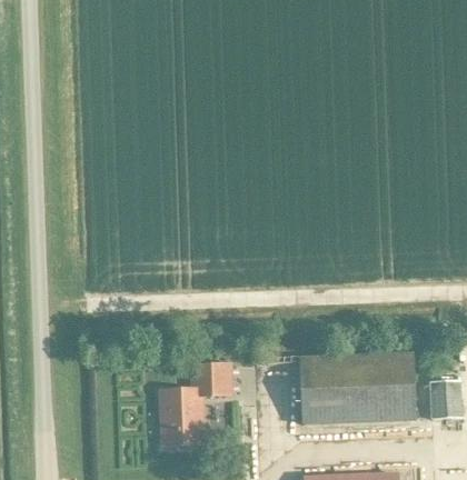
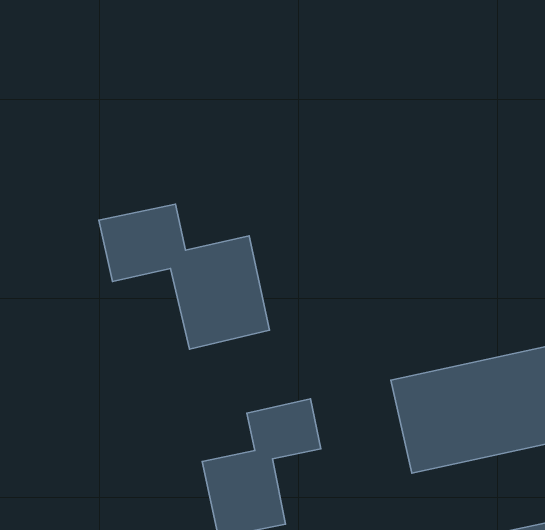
building: none -> [99,204,269,349]

